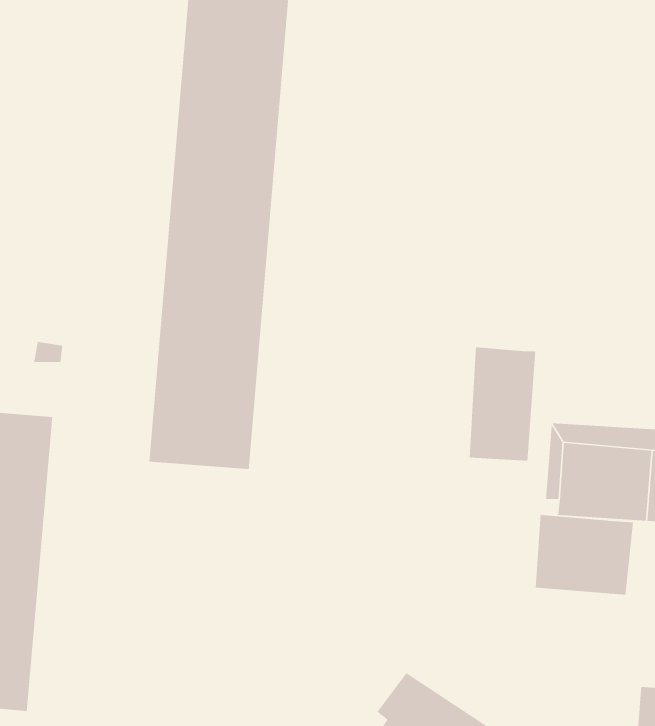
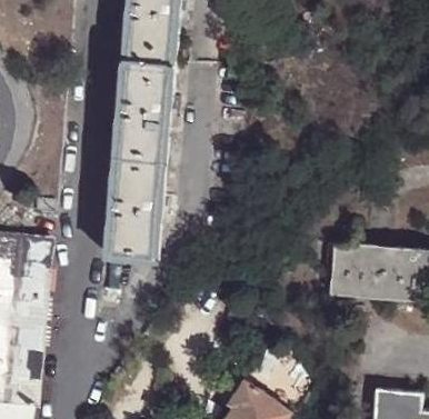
building: [469,347,536,462] -> none
building: [535,514,634,595] -> none

